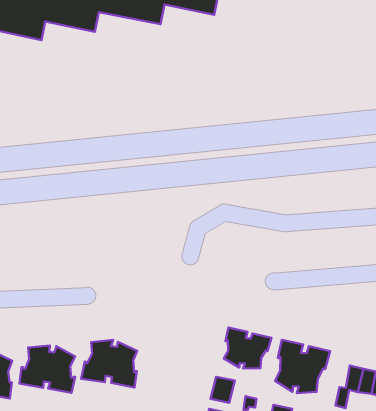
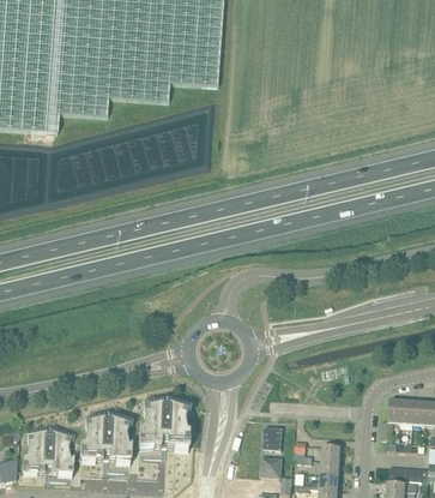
building: [224,327,271,369] -> none
building: [275,340,330,393] -> none

